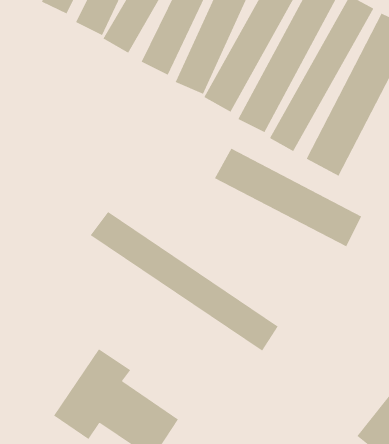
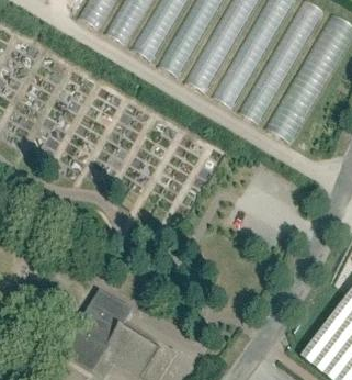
building: [214,148,362,247] -> none
building: [90,211,278,352] -> none

